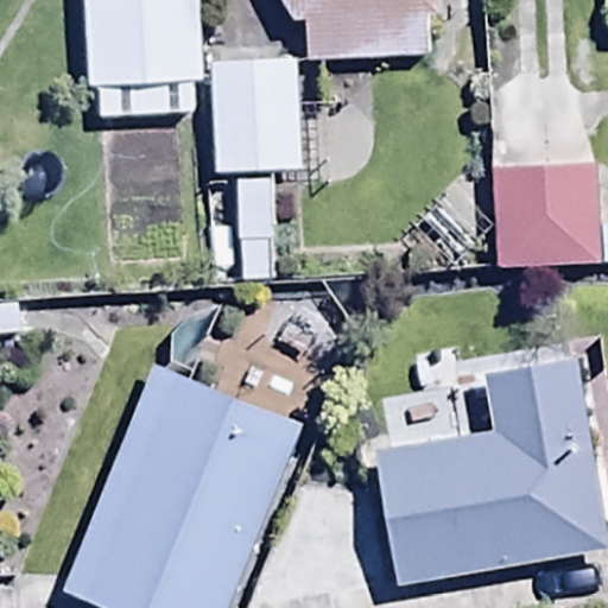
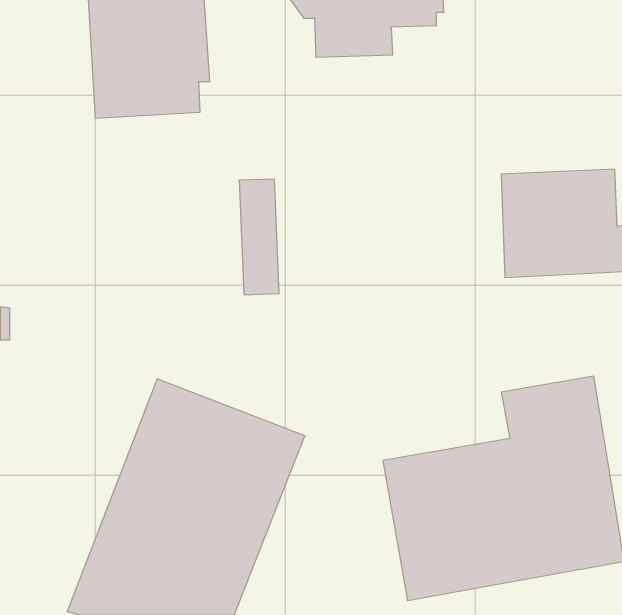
building: [210,57,302,171] -> none

